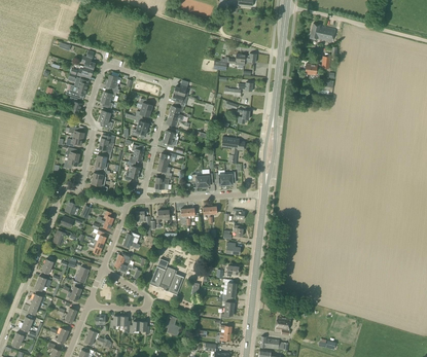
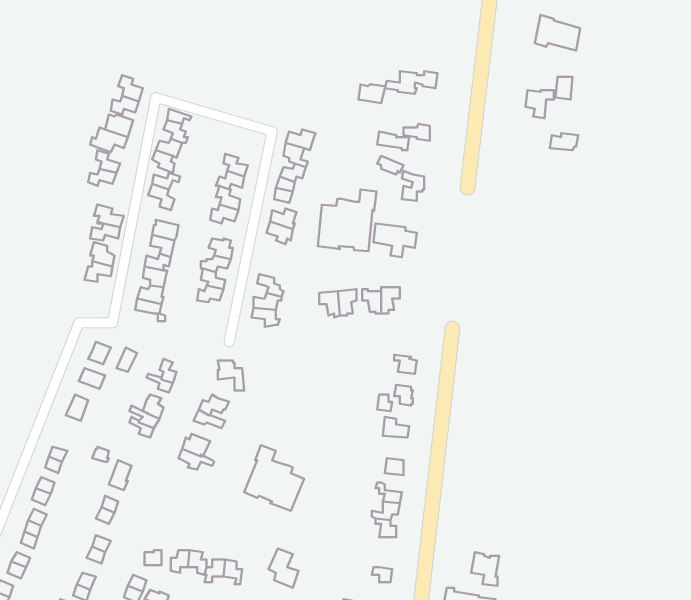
building: none -> [318,190,377,251]

